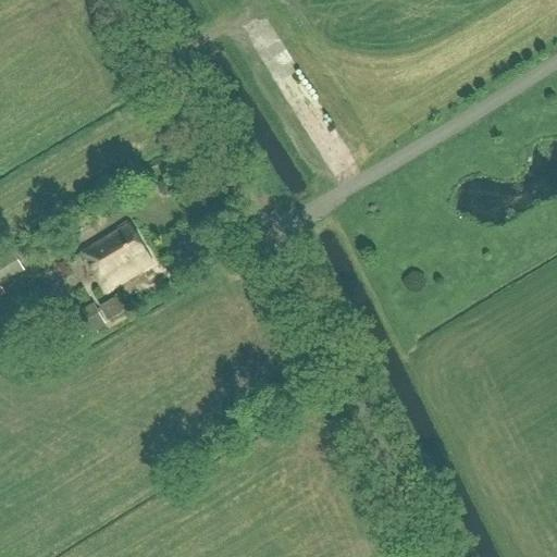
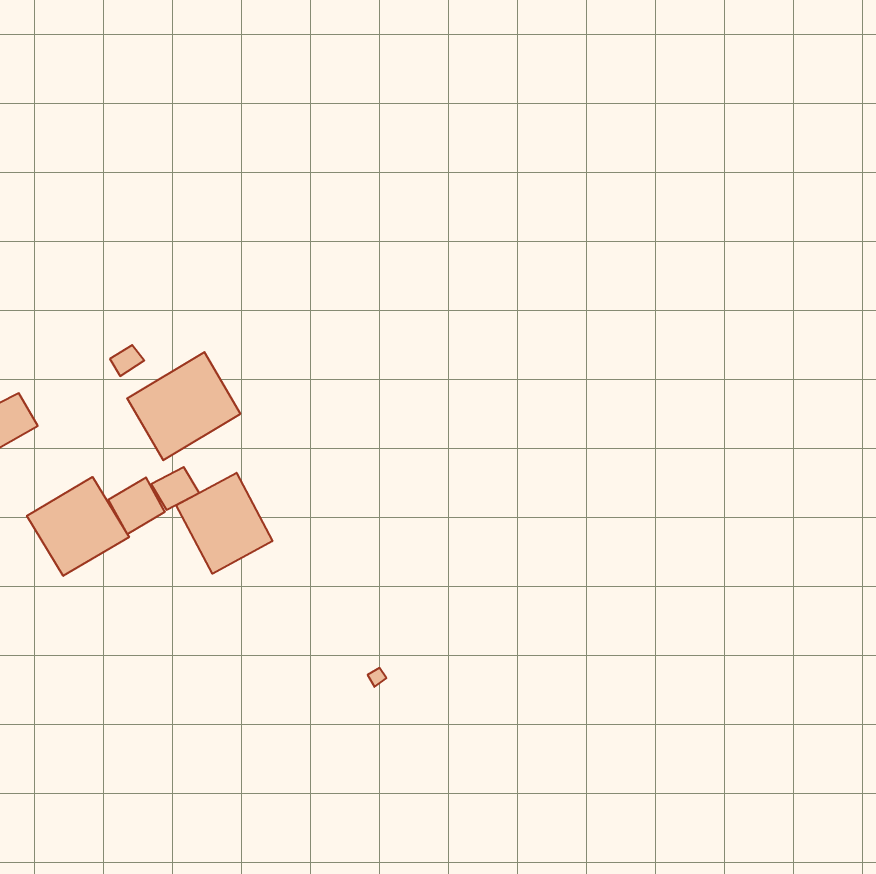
building: none -> [176,473,272,574]
building: none -> [27,477,129,576]

